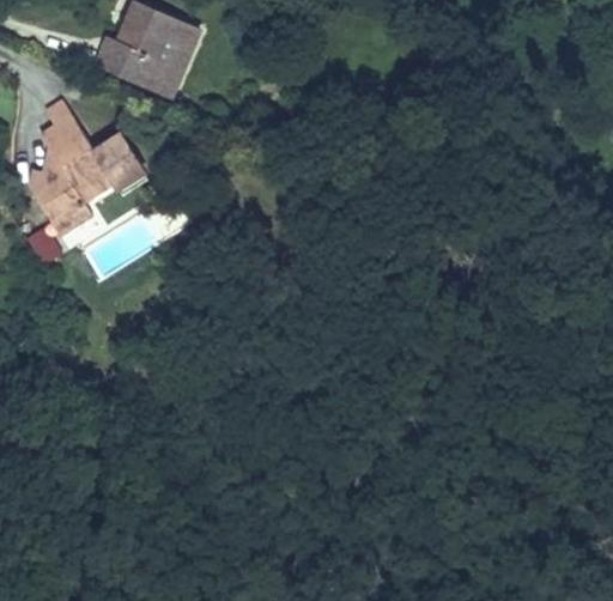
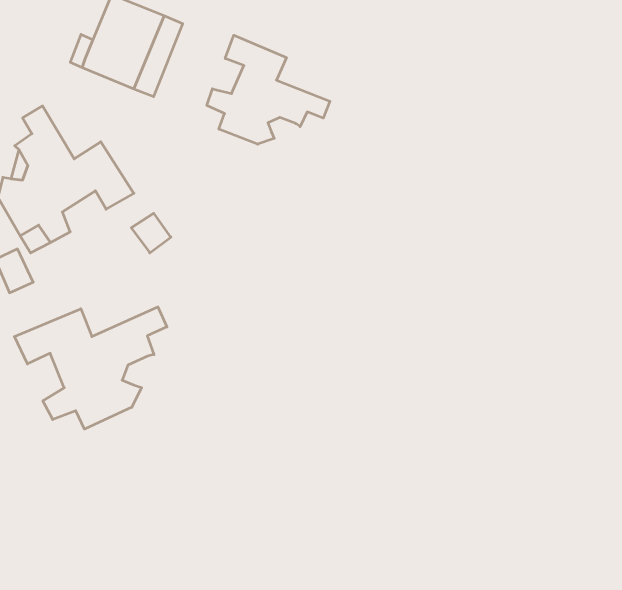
building: none -> [207,35,330,144]
building: none -> [14,307,167,429]

